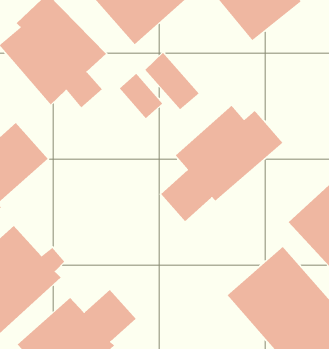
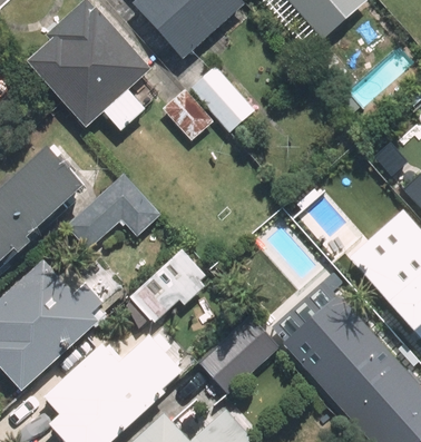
building: [160,105,283,222] -> none
building: none -> [71,177,160,248]
building: none -> [134,253,213,330]
building: none -> [199,320,276,394]

